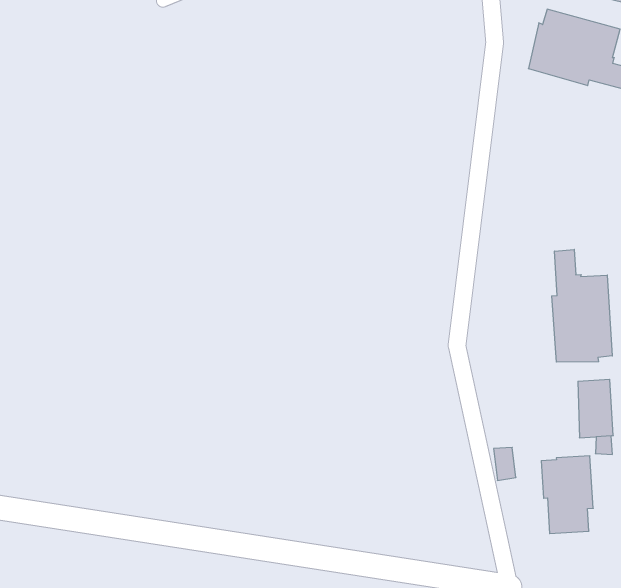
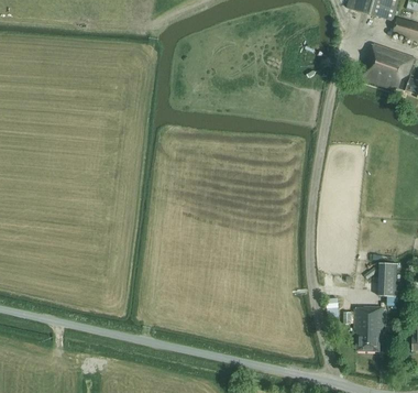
building: [552,249,612,362] -> none

